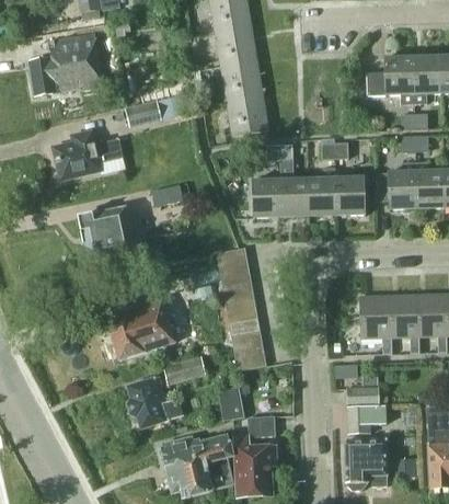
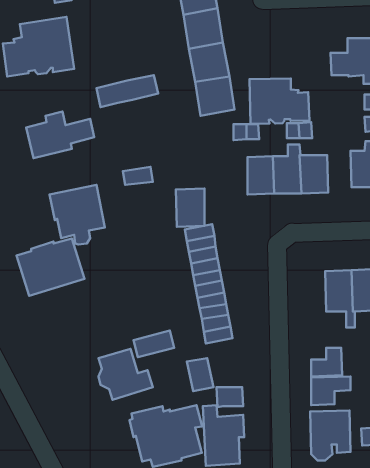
building: none -> [249,79,309,124]
building: [252,177,281,217] -> [176,189,205,227]
building: [106,298,176,357] -> [16,238,84,296]

